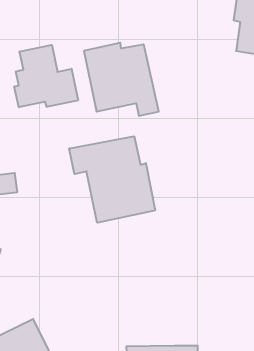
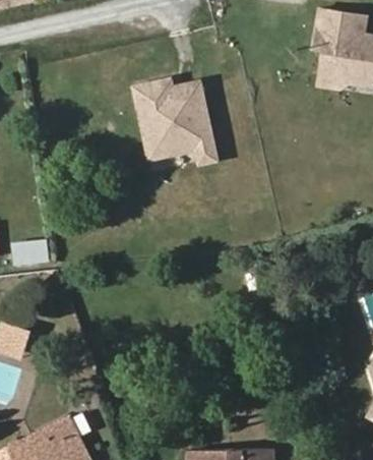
building: [14,45,78,107] -> none
building: [69,136,155,223] -> none

